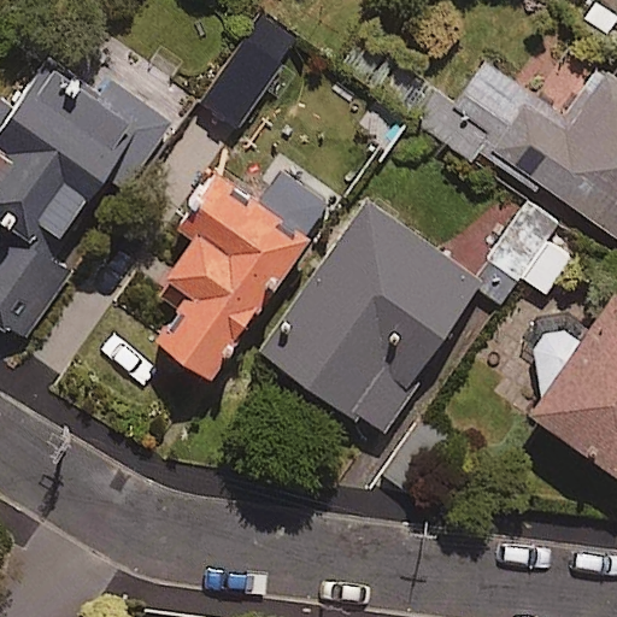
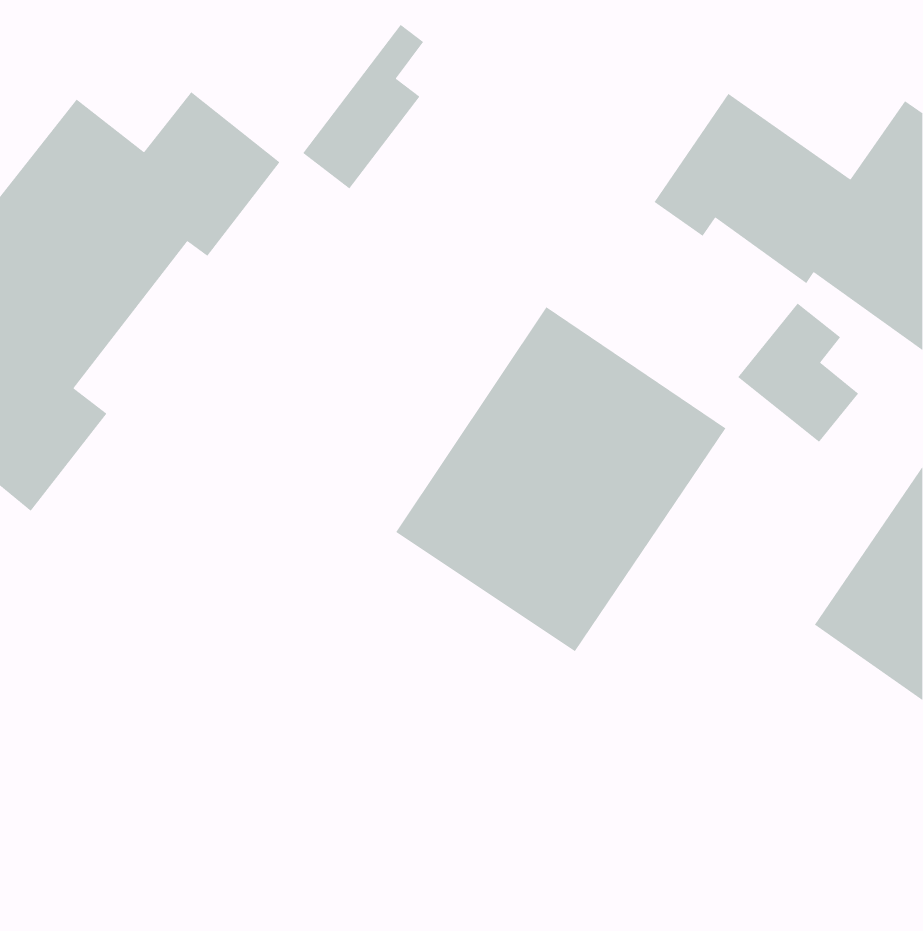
building: [151,175,311,378] -> none

